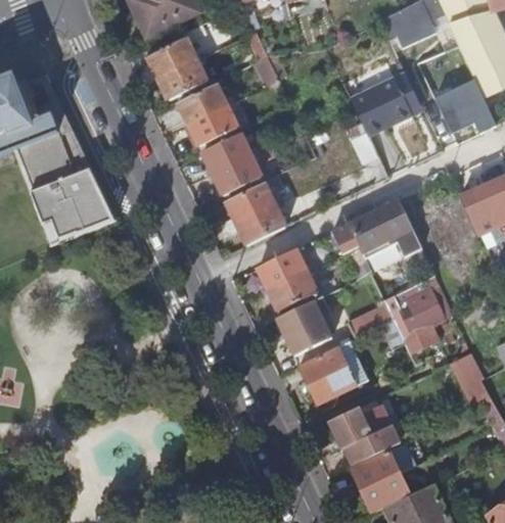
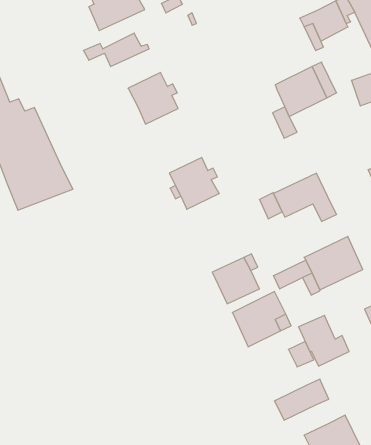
building: [157,57,206,99] -> none
building: [202,134,261,195] -> none
building: [257,249,315,311] -> none
building: [327,408,386,467] -> [298,315,349,366]
building: [360,472,409,514] -> none

